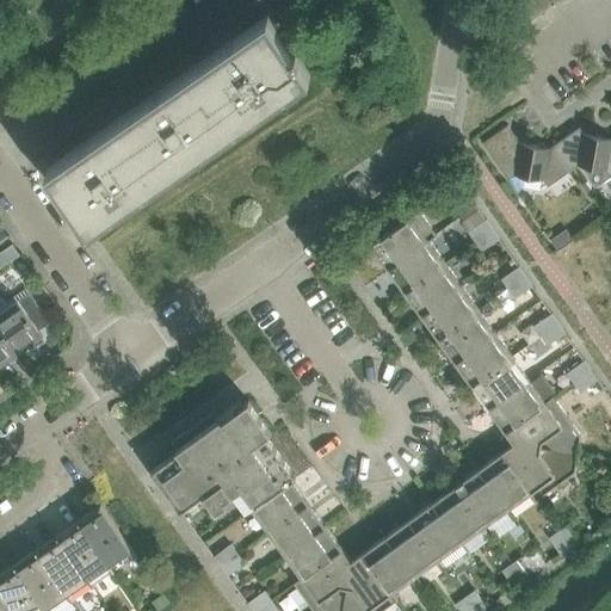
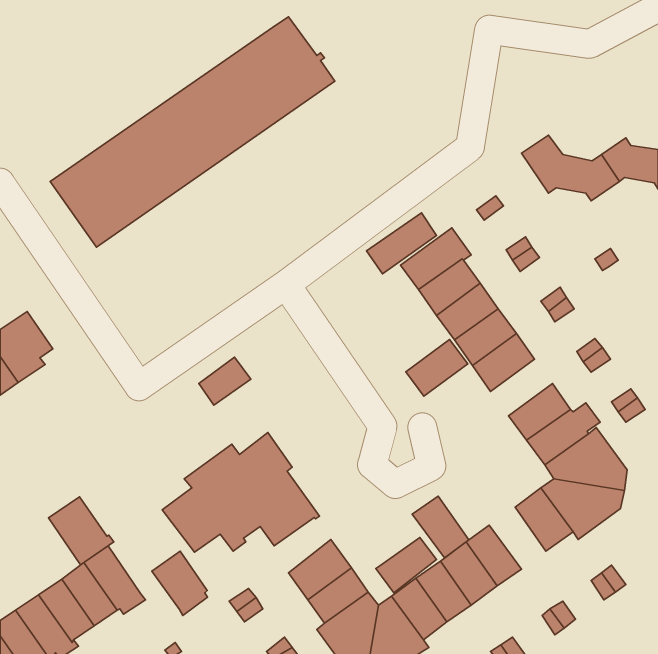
building: none -> [366,213,437,274]
building: none -> [199,357,251,405]
building: [455,337,512,389] -> [406,339,468,396]
building: none -> [48,497,114,565]
building: [453,474,506,531] -> [412,496,469,558]
building: [251,483,307,535] -> [376,538,436,593]
building: none -> [152,551,208,615]

